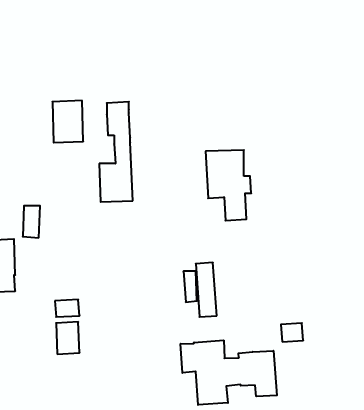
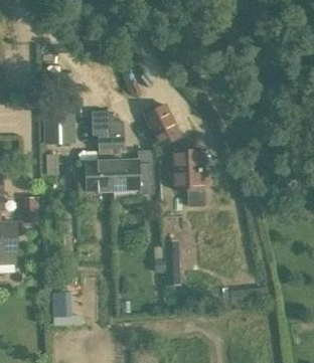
building: none -> [144,105,180,147]
building: none -> [110,117,154,194]
building: [181,340,277,405] -> none

